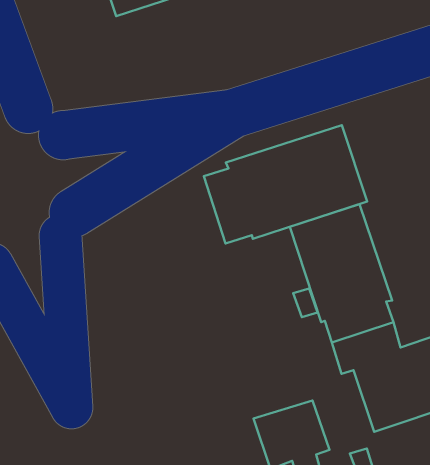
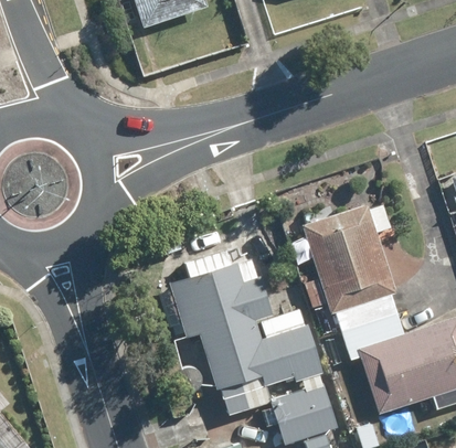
building: [204,125,367,243] -> none
building: none -> [171,263,321,386]

